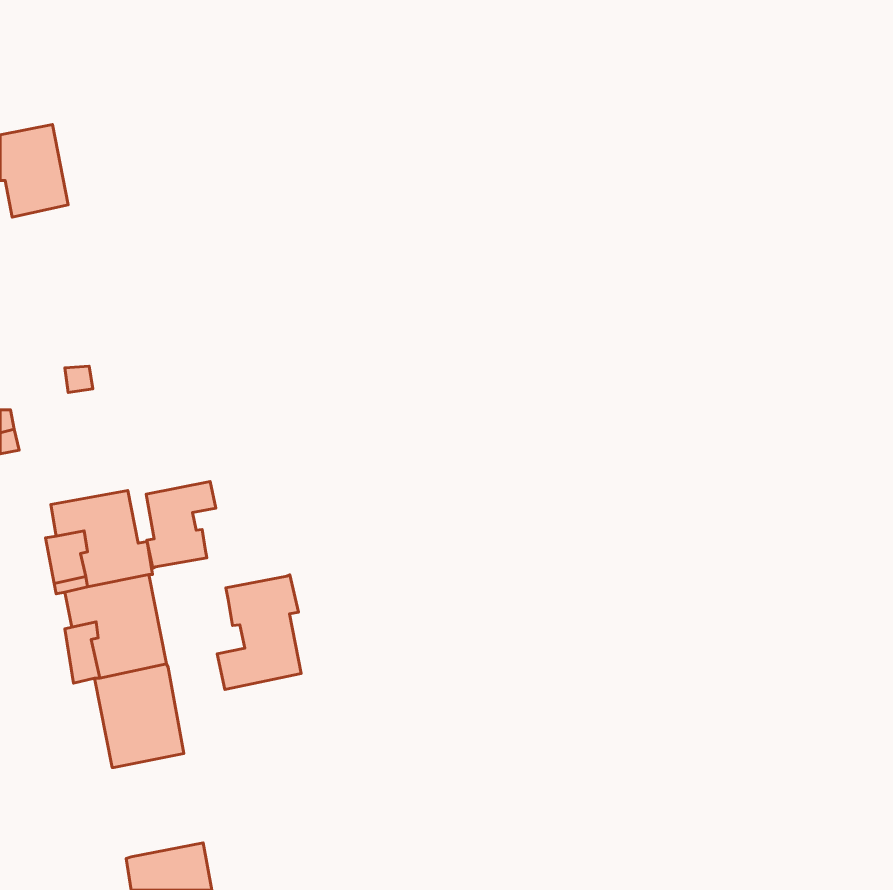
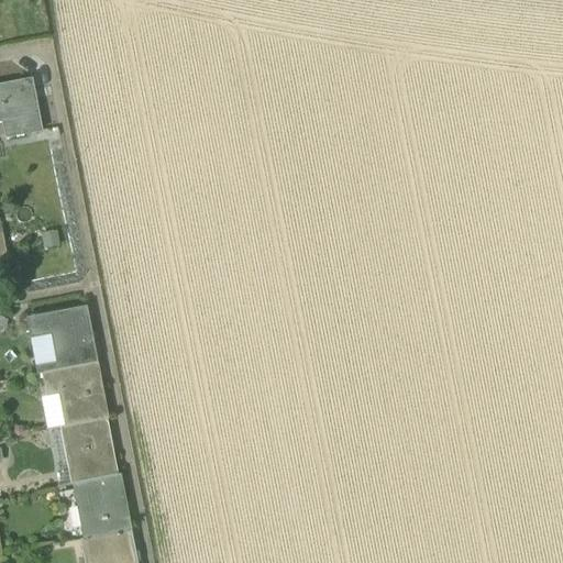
building: [146,481,216,568] -> none
building: [217,575,301,689] -> none
building: none -> [73,473,129,538]

